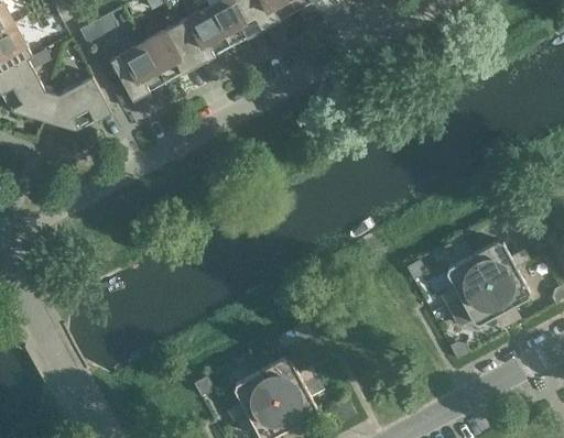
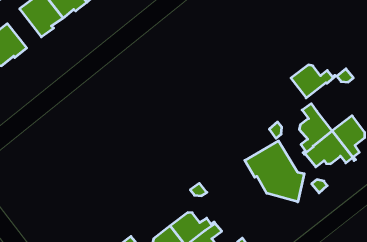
building: [471,239,530,281] -> [291,65,336,98]
building: none -> [245,141,304,202]

